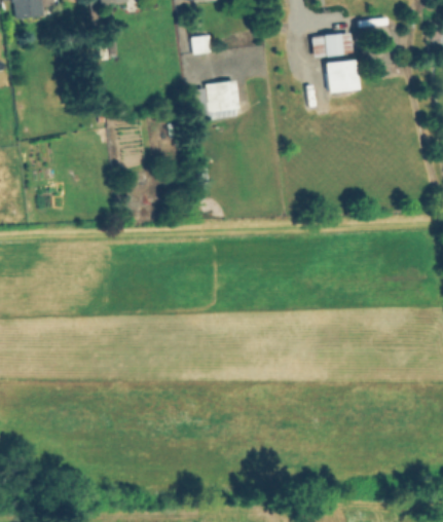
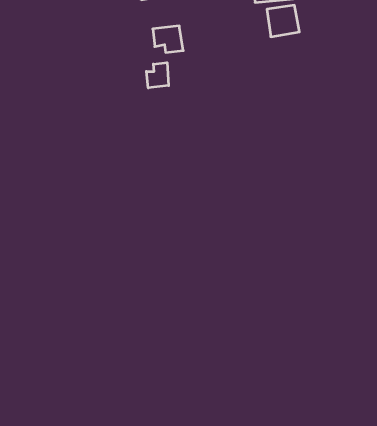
building: none -> [146,63,169,88]

